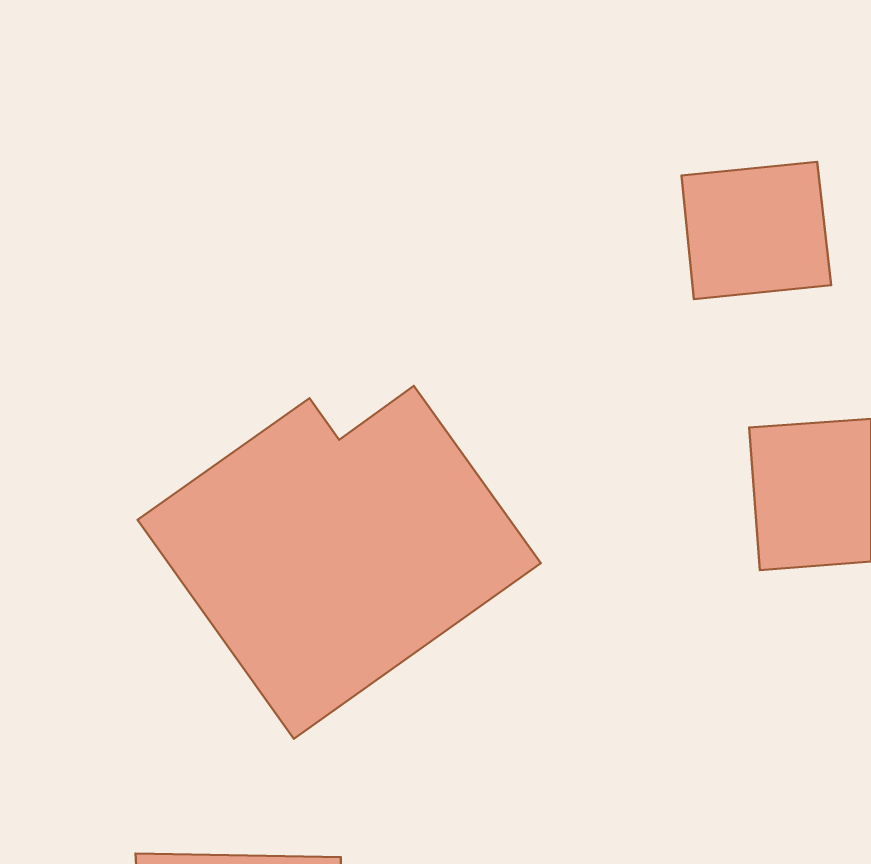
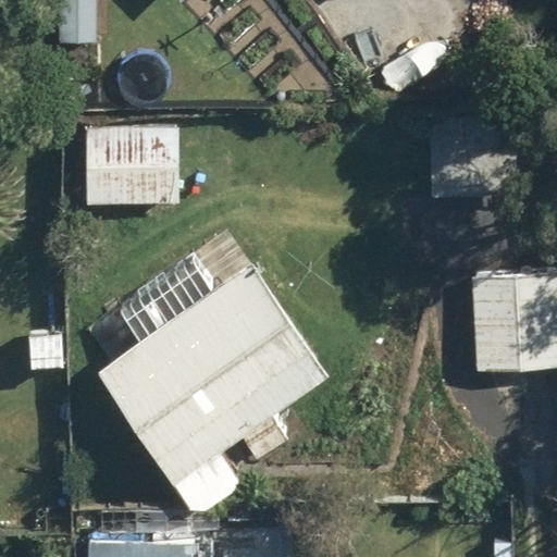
building: none -> [85,129,180,208]

